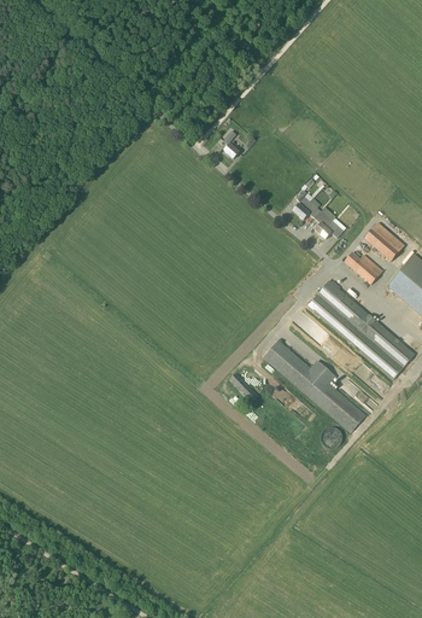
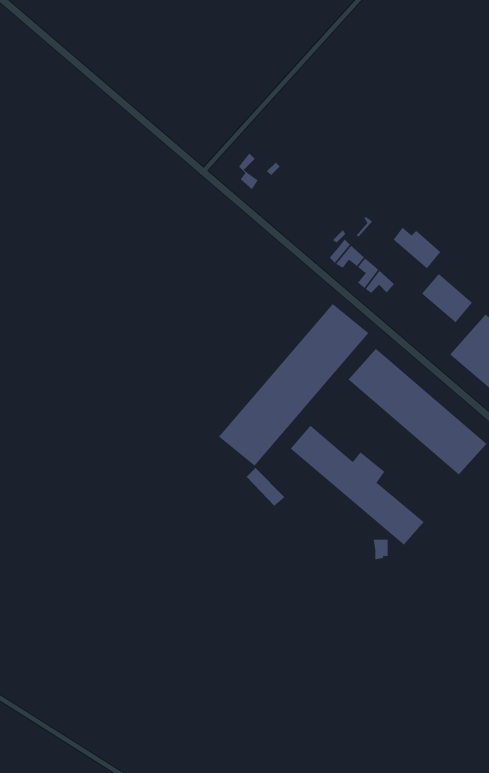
building: none -> [218,303,369,466]
building: [345,251,382,284] -> [393,227,441,269]

